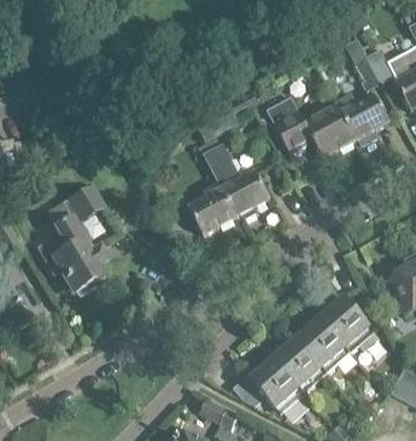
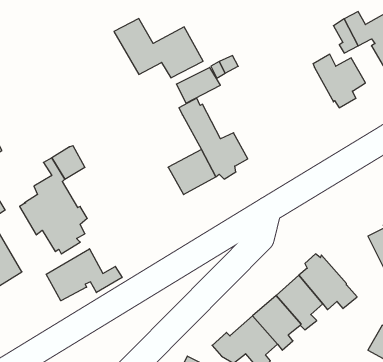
building: [264,95,355,156] -> [114,19,203,78]
building: none -> [46,249,122,301]

